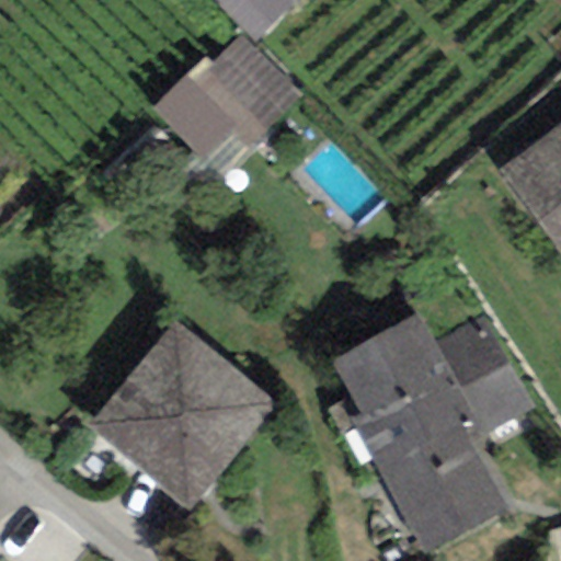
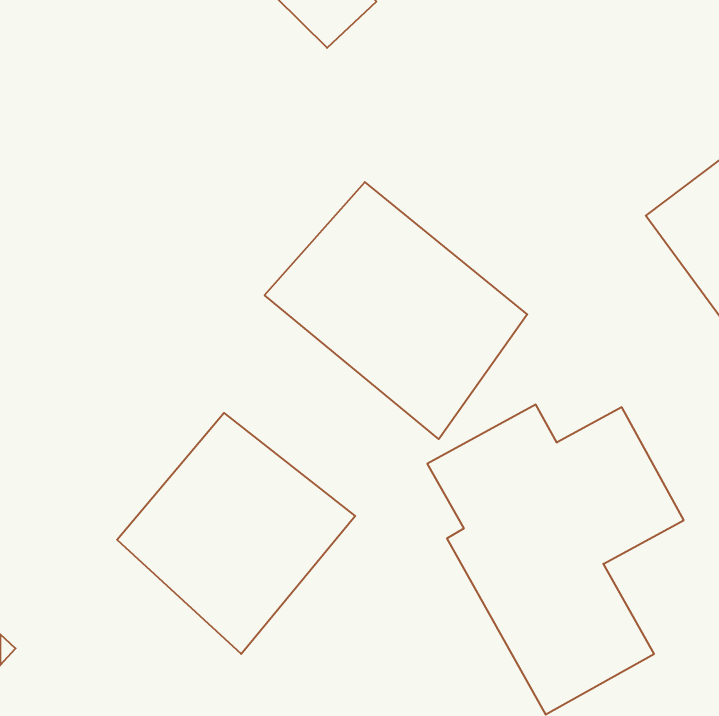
building: [152,31,305,158] -> none
building: none -> [265,182,527,439]

